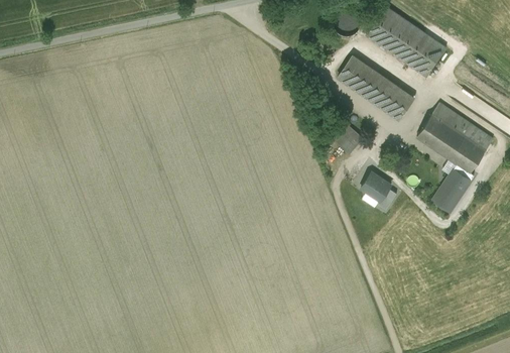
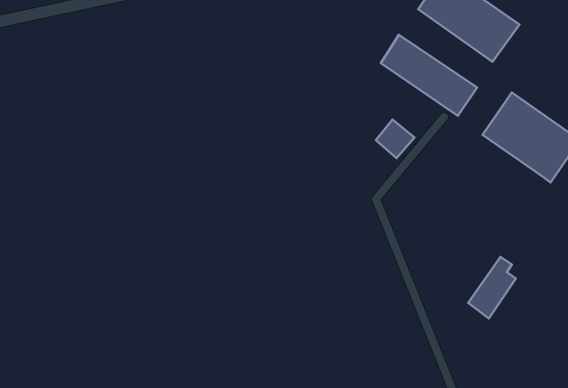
building: [431,162,469,211] -> [468,257,516,318]
building: [362,171,397,209] -> none

